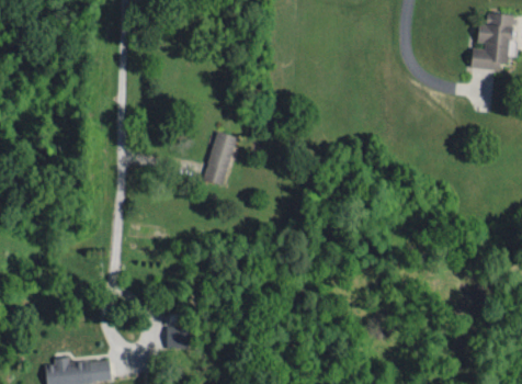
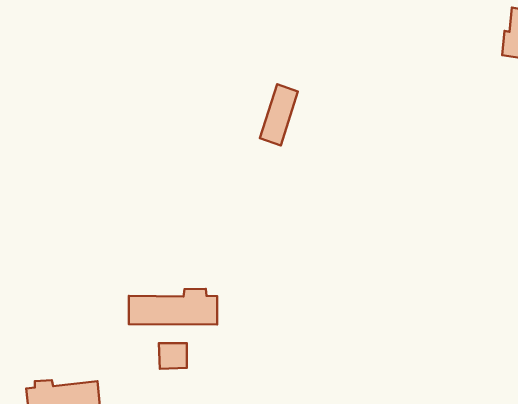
building: [203,131,237,185] -> [260,84,298,145]
building: none -> [129,289,217,324]

